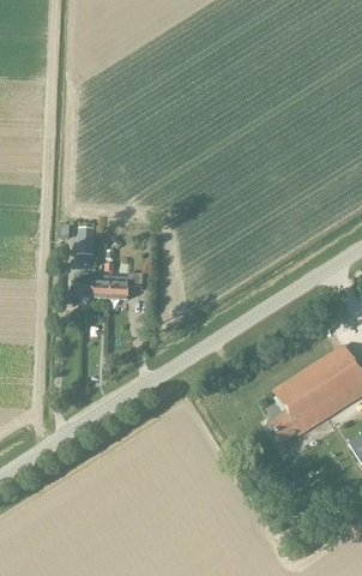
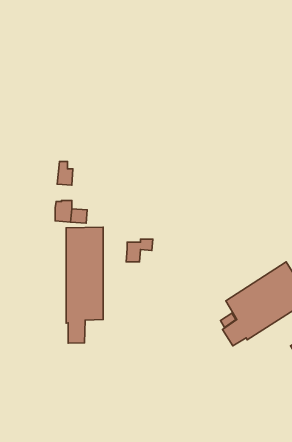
building: [111,270,143,296] -> [126,239,153,262]
building: none -> [66,227,103,343]

